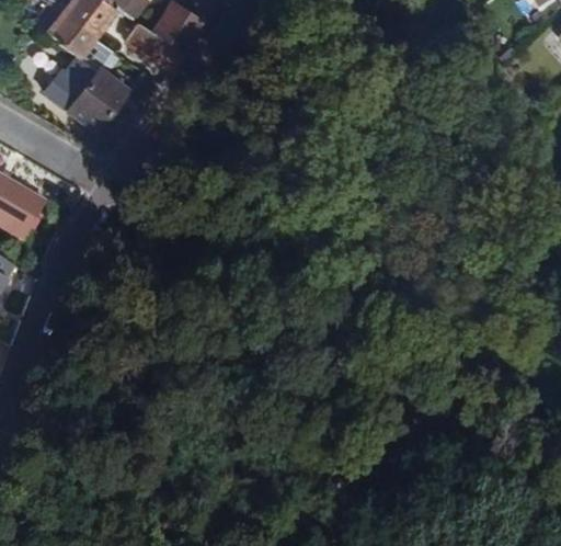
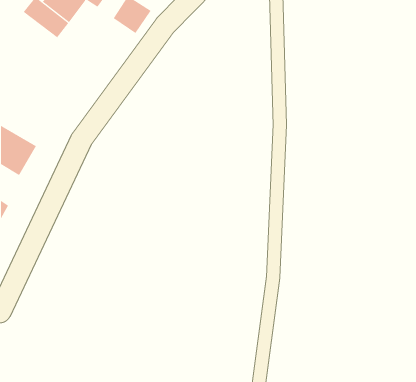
building: [126,22,182,70] -> none
building: [58,67,127,130] -> none

